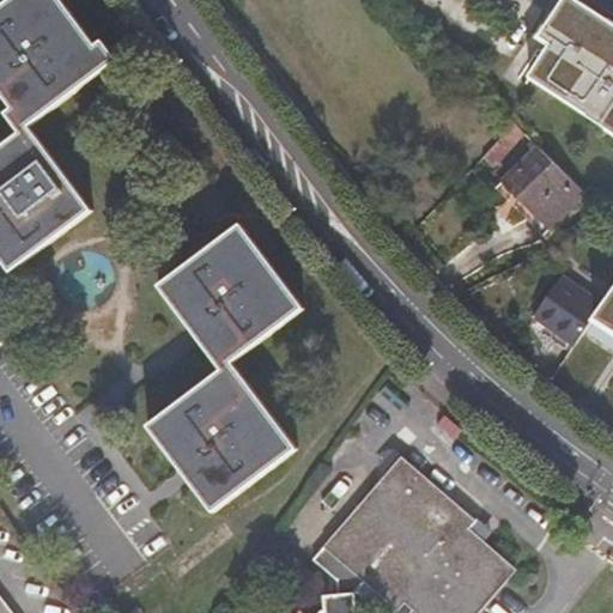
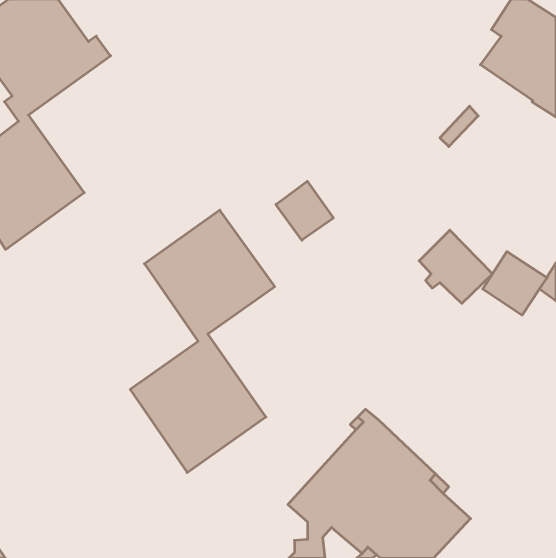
building: [500,138,581,218] -> [419,230,492,303]
building: none -> [276,181,333,240]

